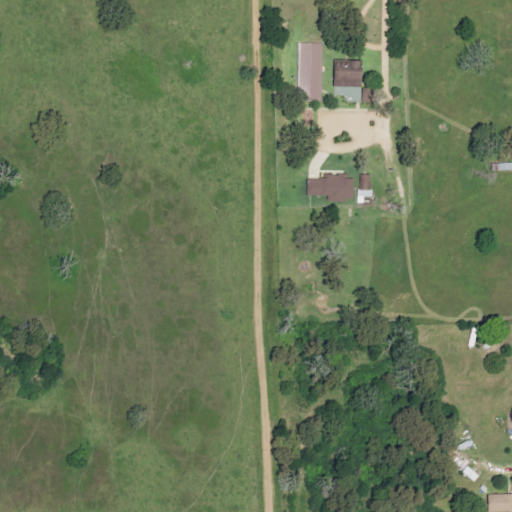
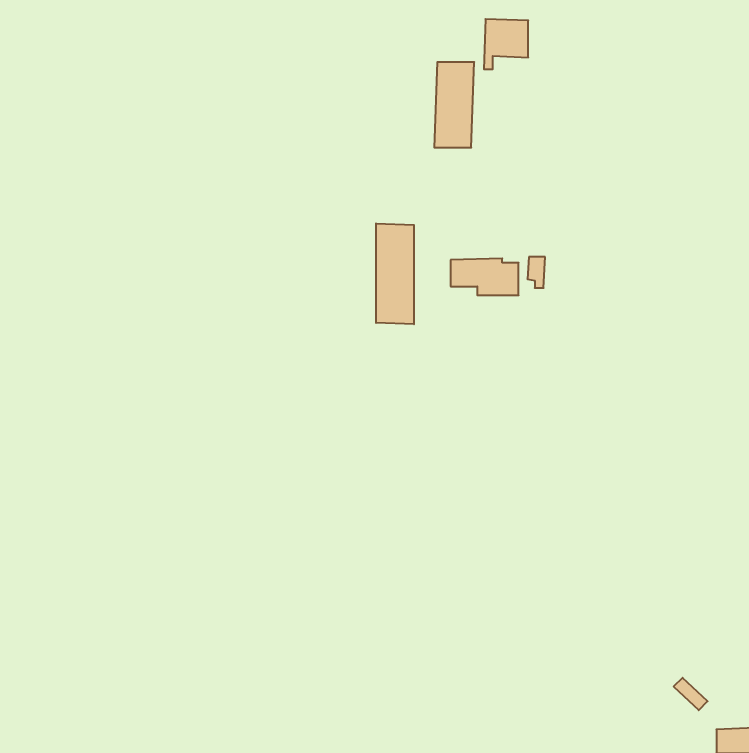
building: [331,60,361,94] -> [484,19,528,69]
building: none -> [376,223,414,324]

